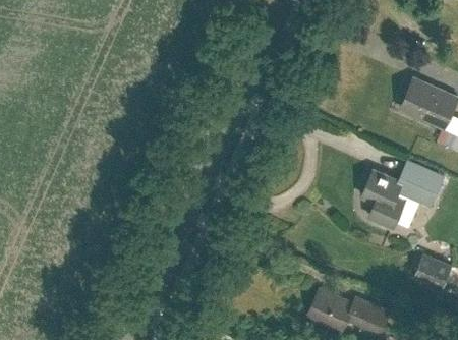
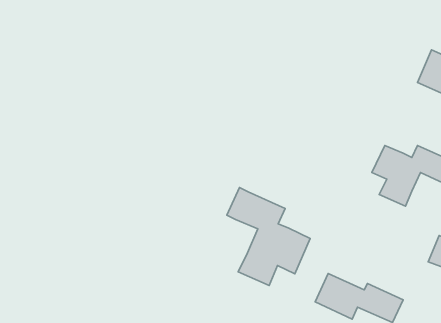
building: none -> [227,188,310,285]

